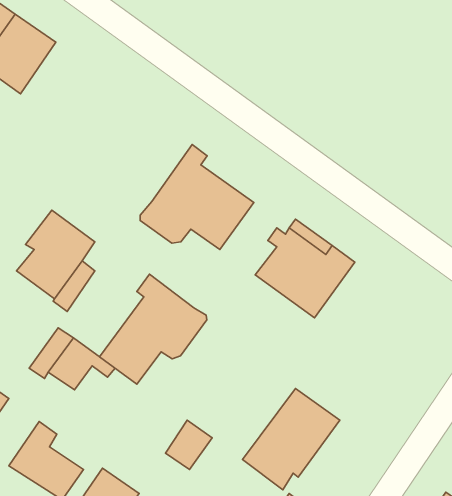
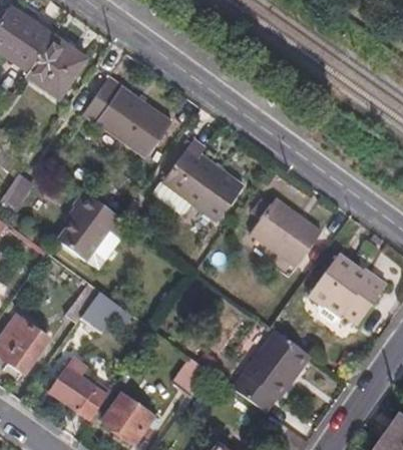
building: none -> [85,75,171,153]
building: [100,274,207,384] -> none
building: none -> [309,257,386,325]

